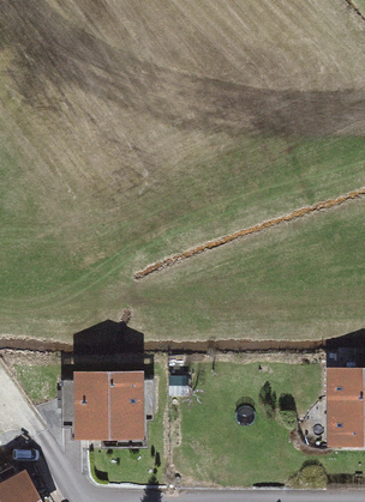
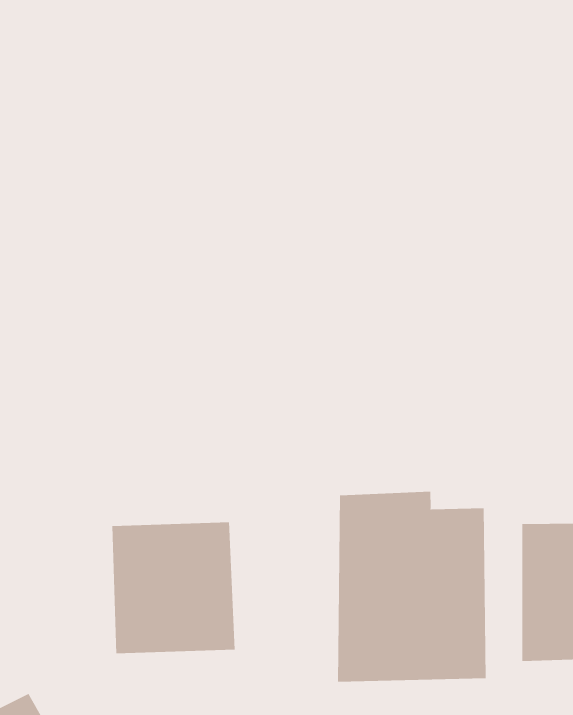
building: none -> [338,491,486,682]

